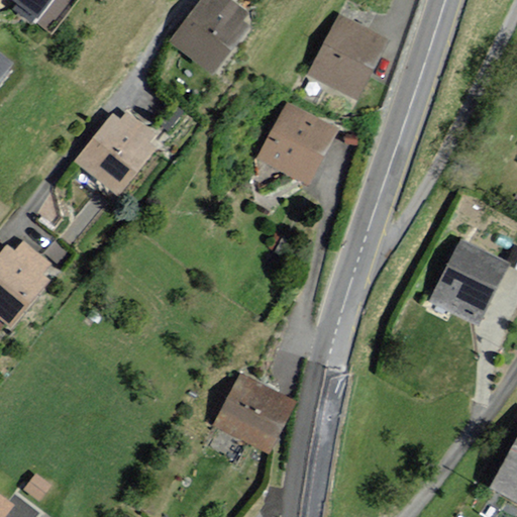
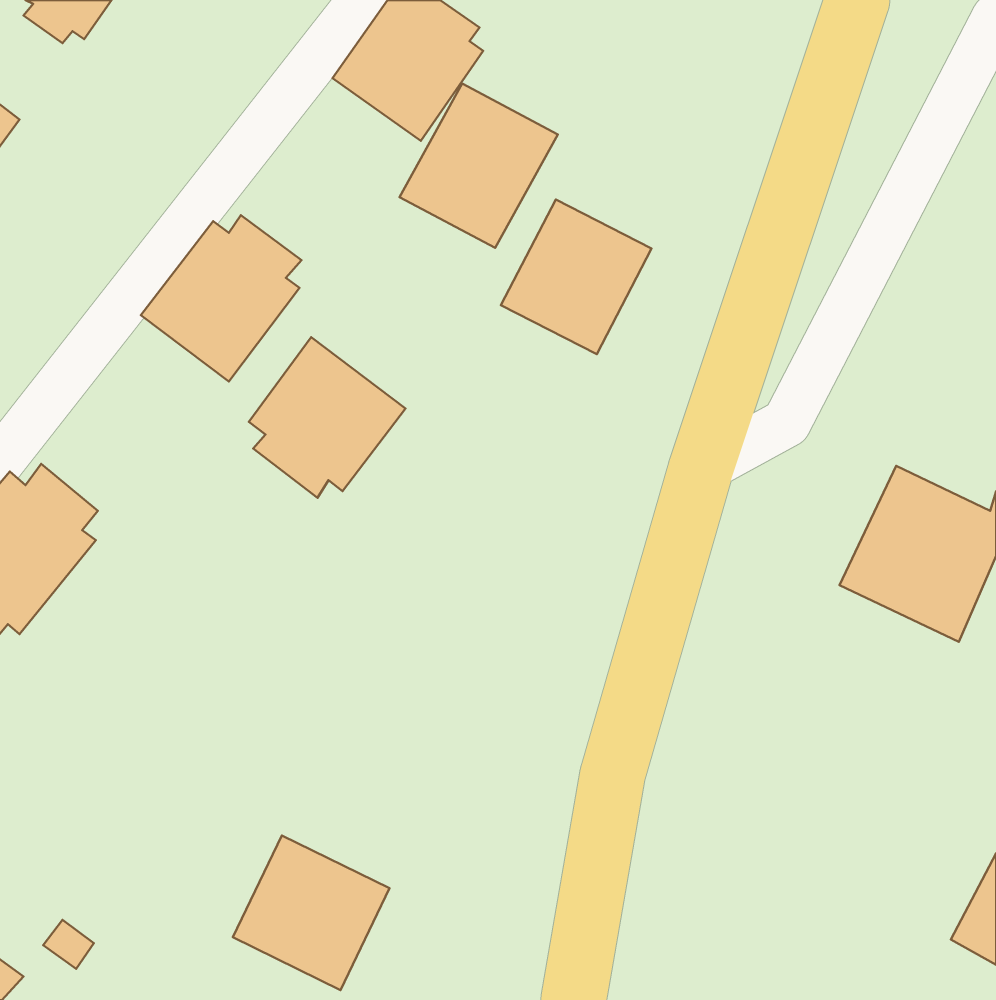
building: [307,13,389,98] -> [399,84,558,248]
building: none -> [249,337,406,498]
building: [212,374,293,453] -> [233,835,390,990]

